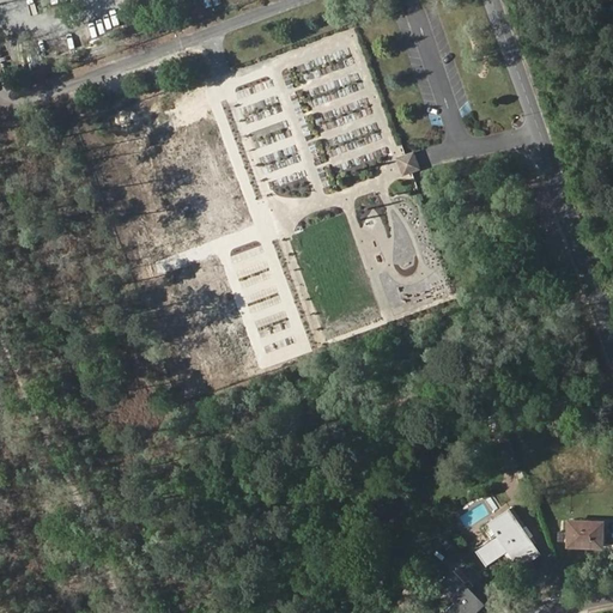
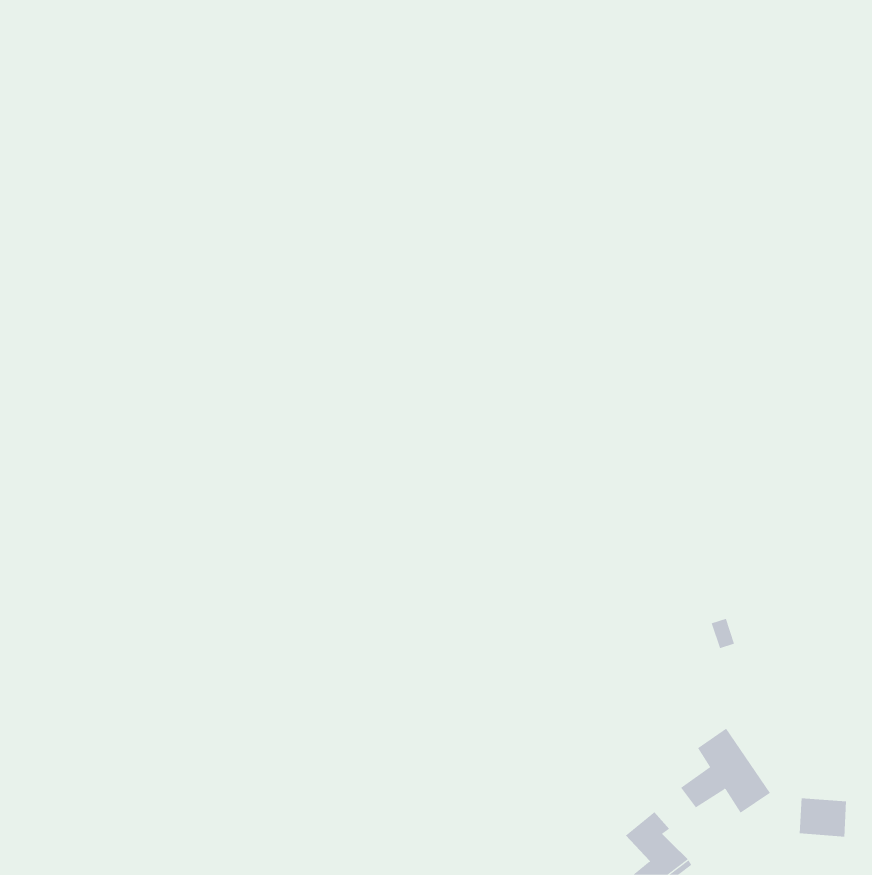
building: [568,521,601,548] -> [799,798,847,837]

